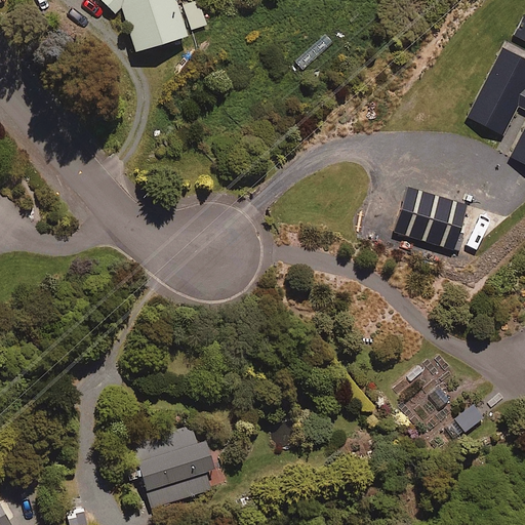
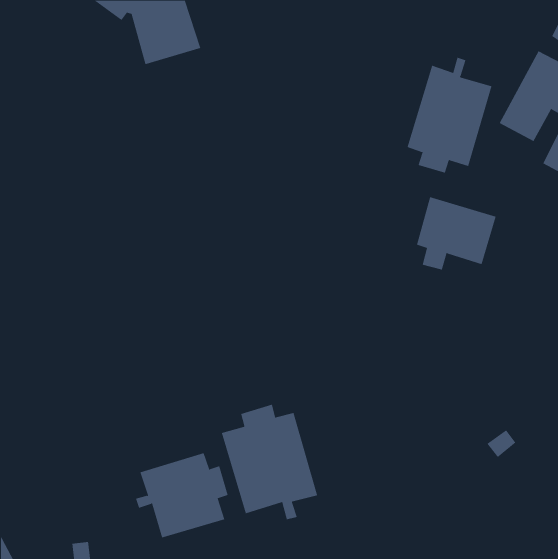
building: none -> [407,57,492,173]
building: none -> [221,404,318,520]

